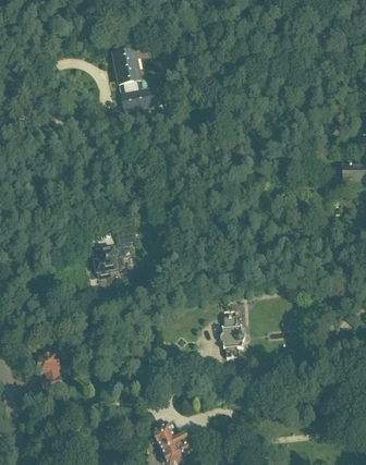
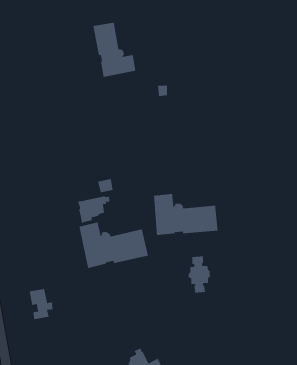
building: none -> [153,193,218,236]
building: none -> [79,222,149,269]

